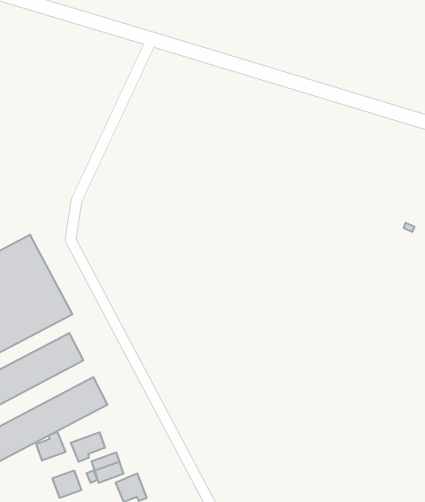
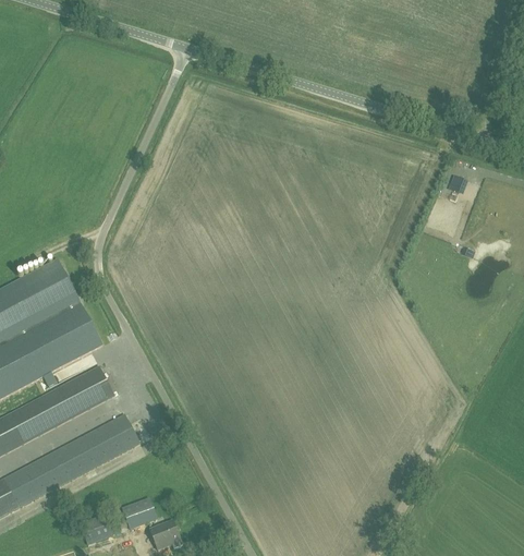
building: [36,432,65,461] -> none
building: [71,432,105,462] -> none

